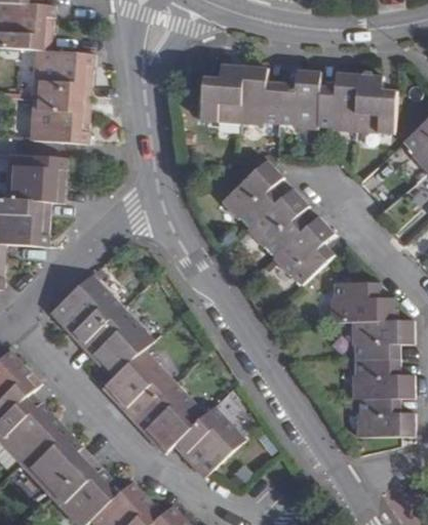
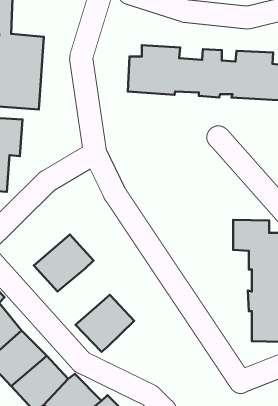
building: [220,160,336,287] -> none
building: [50,271,125,341] -> none
building: [102,346,176,416] -> none
building: [172,403,246,476] -> none

